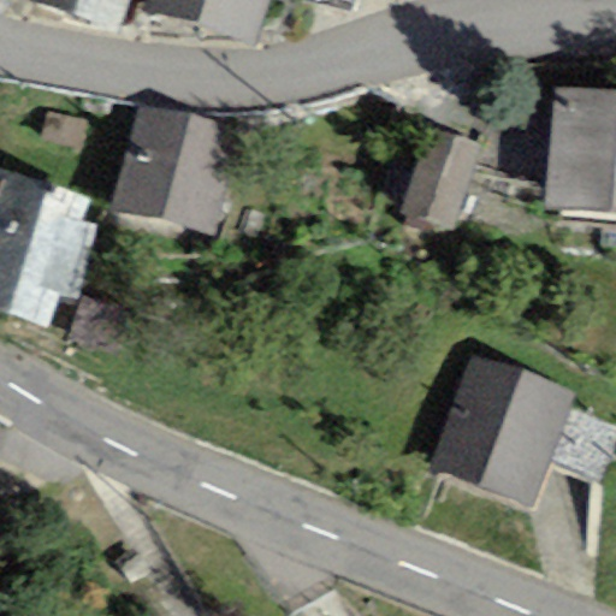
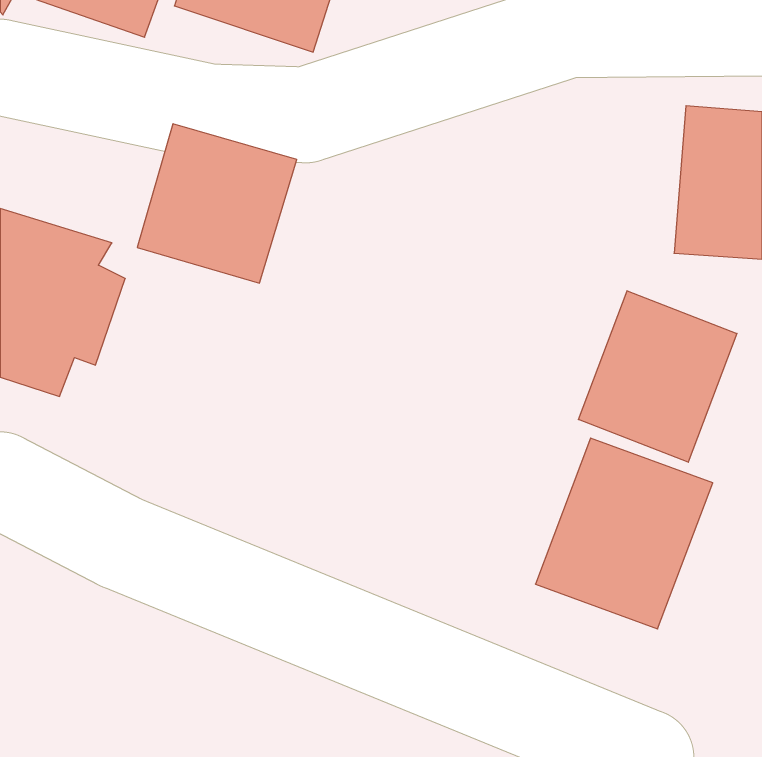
building: [401,125,475,227] -> none
building: none -> [578,291,737,462]

